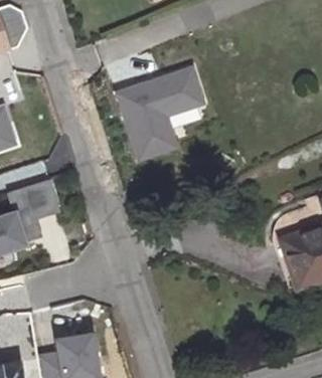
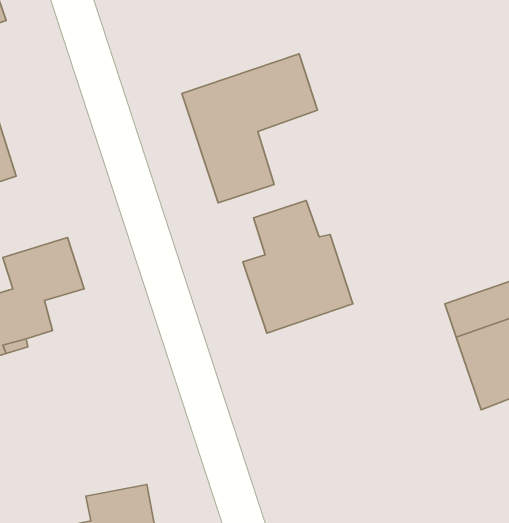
building: none -> [243,201,353,333]

